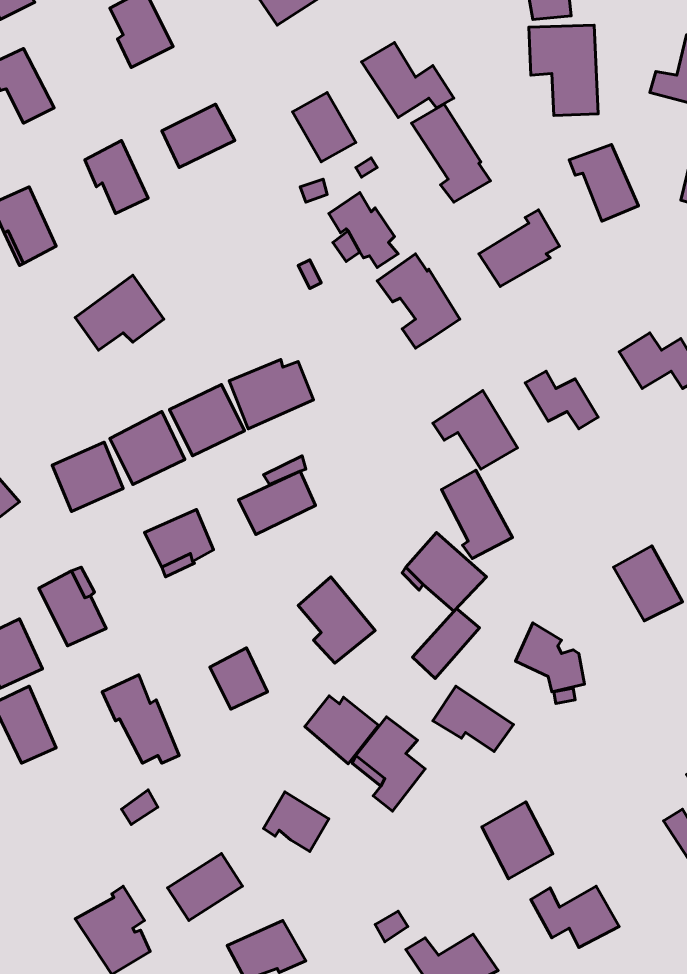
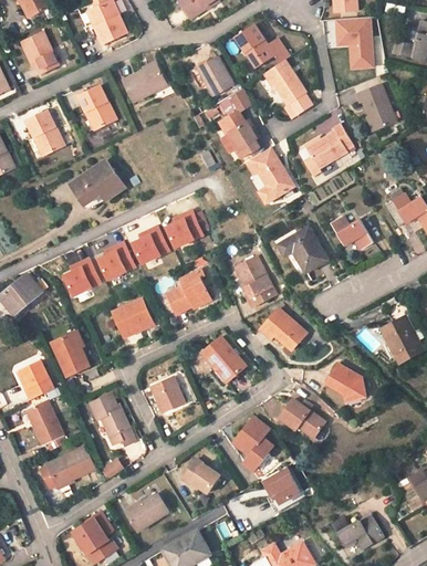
building: [441,470,513,559] -> [236,253,277,304]
building: [413,609,480,678] -> none
building: [305,696,379,764] -> none
building: none -> [44,446,92,483]
building: [482,802,553,879] -> [260,467,301,511]

